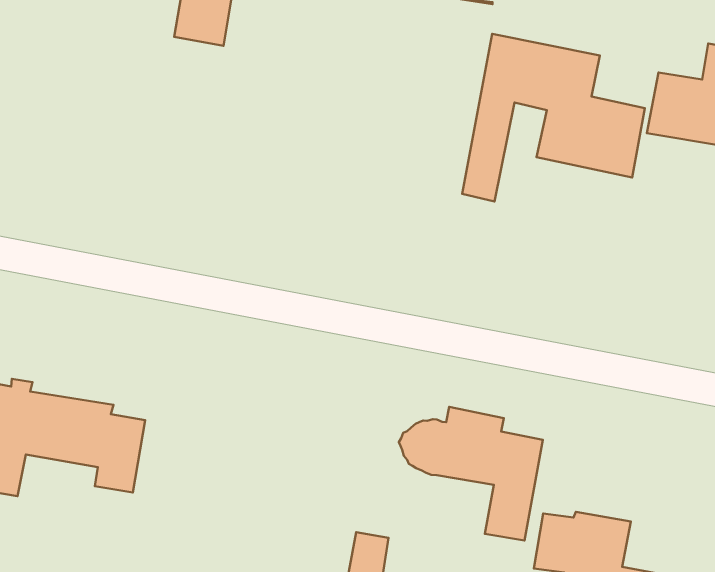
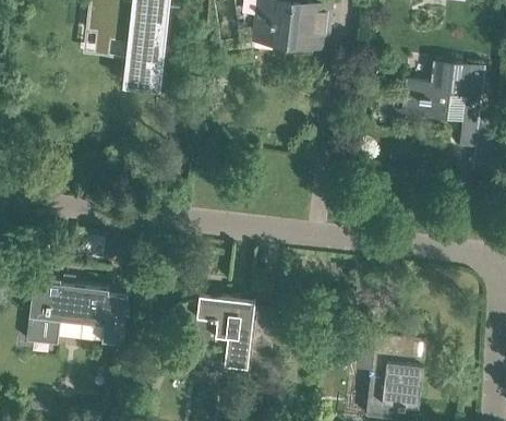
building: [462,34,645,201] -> none
building: [399,407,543,540] -> [172,296,254,369]

